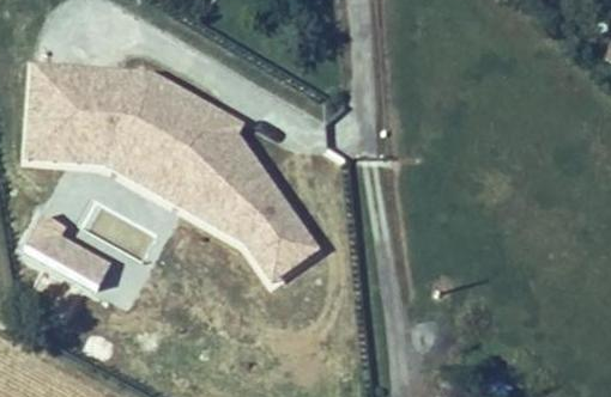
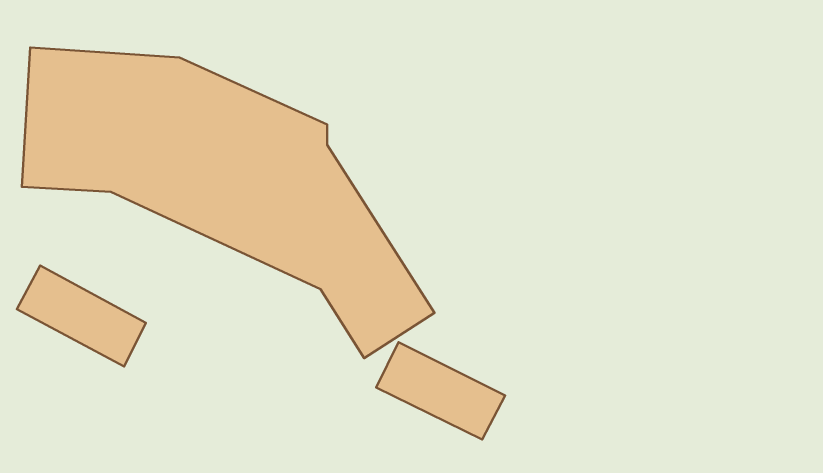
building: none -> [376,342,505,440]

